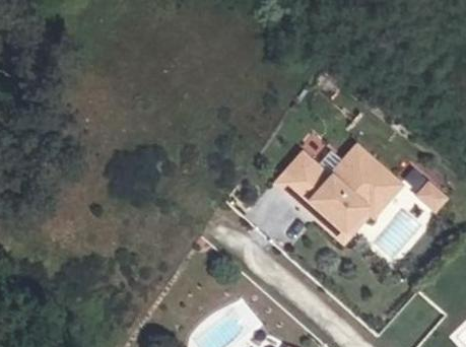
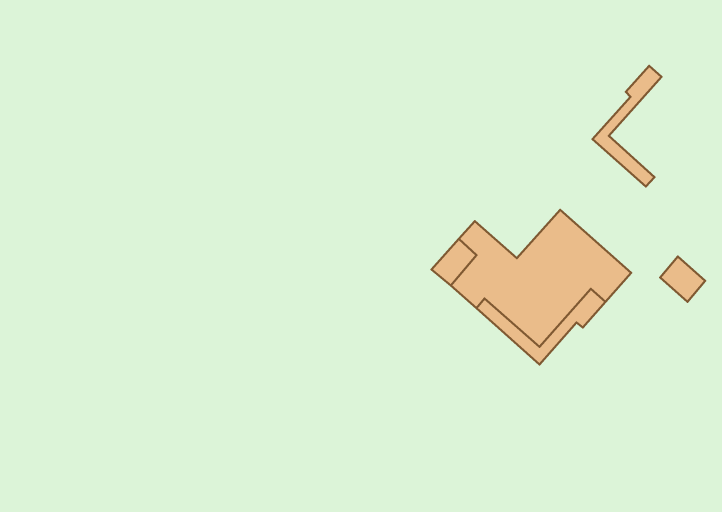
building: none -> [592,66,661,186]

